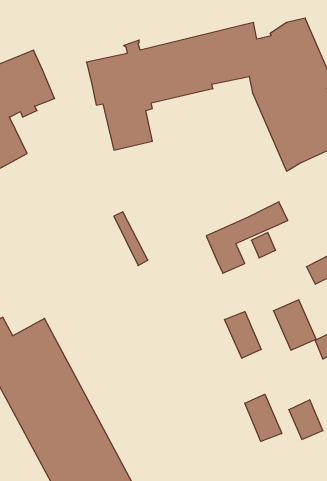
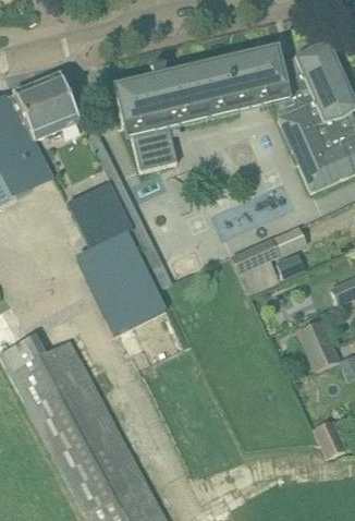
building: none -> [66,179,166,334]
building: [225,312,261,358] -> none
building: [245,394,282,441] -> none

